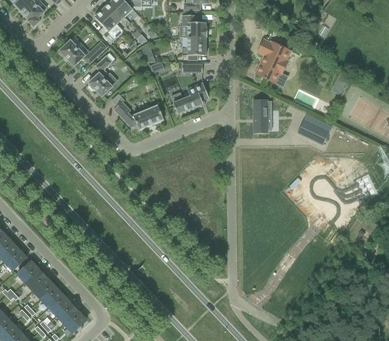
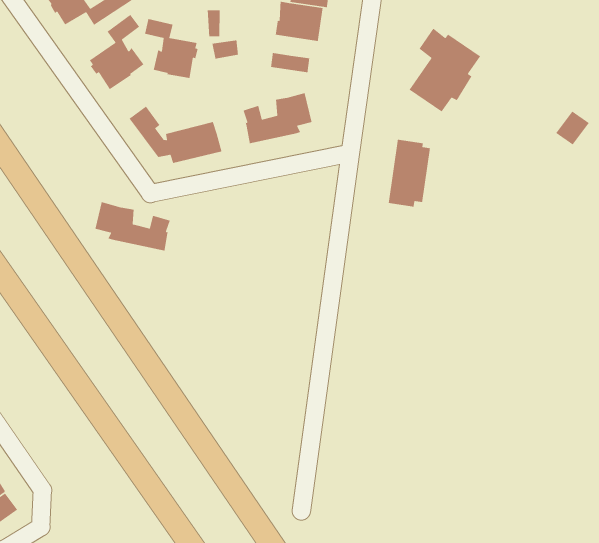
building: none -> [144,18,198,79]
building: [297,120,328,145] -> none
building: none -> [95,201,171,252]

